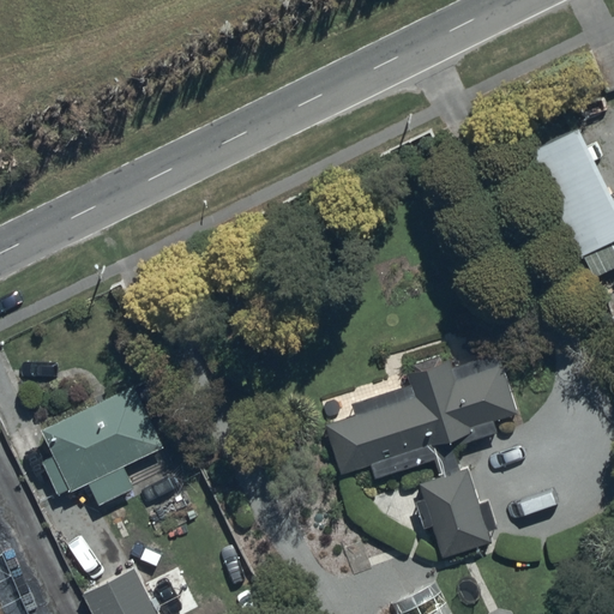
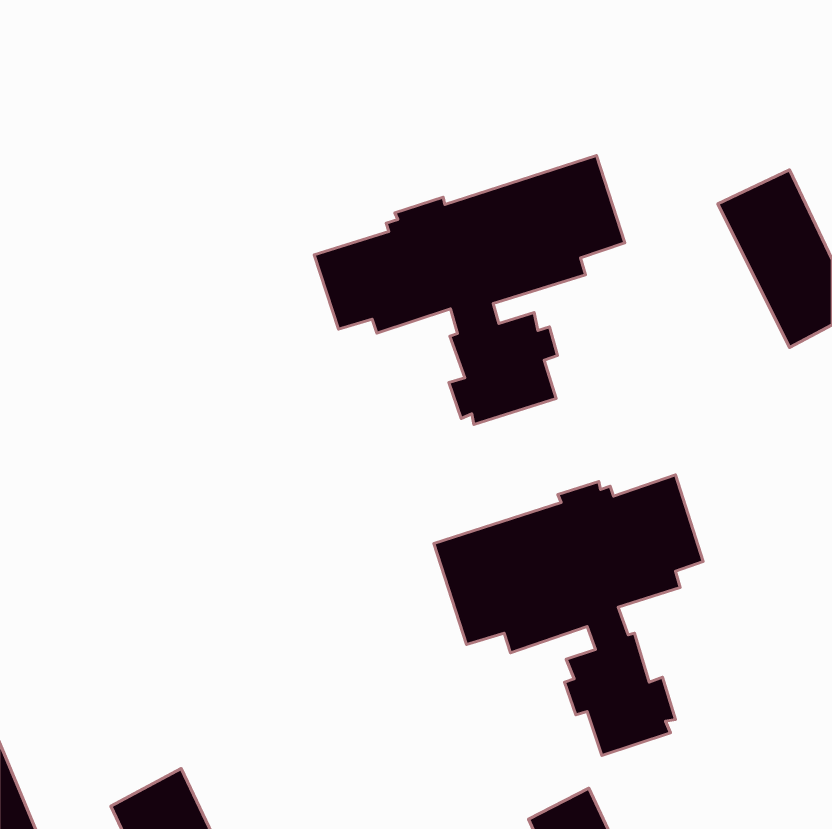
building: none -> [314,155,625,424]
building: [40,389,162,506] -> none

